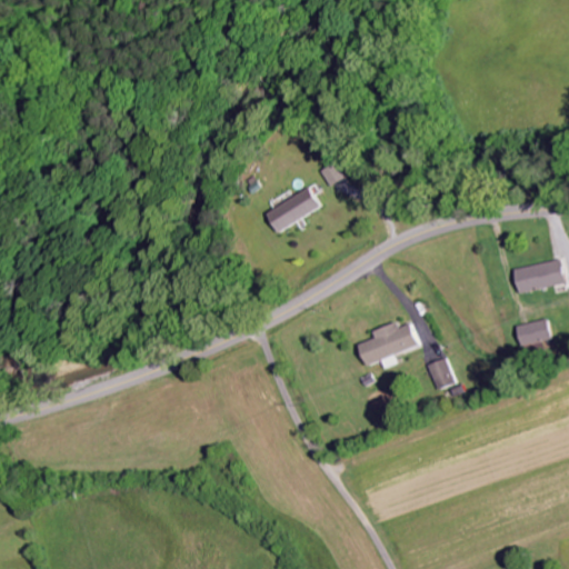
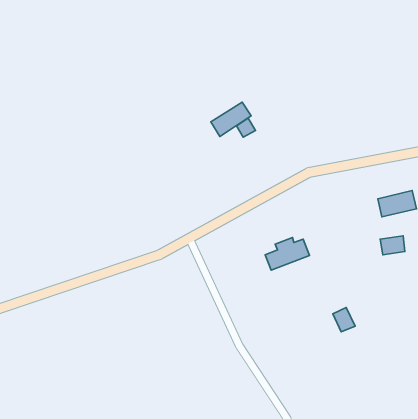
building: [266,187,320,233] -> [211,102,251,137]
building: [426,357,456,390] -> [333,307,355,332]

